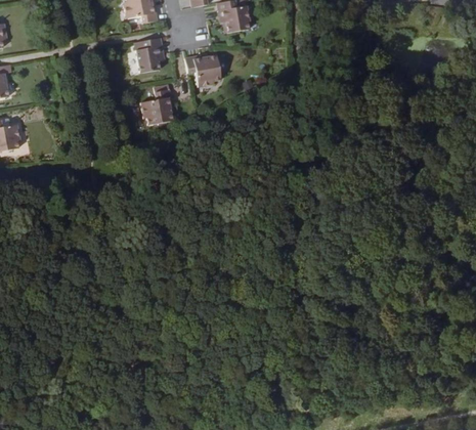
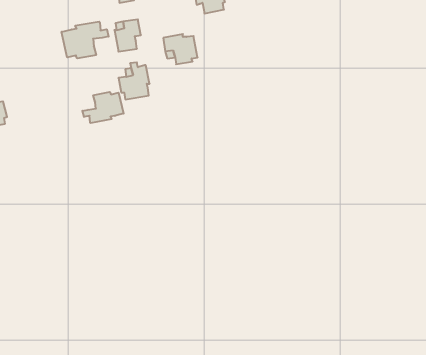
building: none -> [62,22,109,58]
building: none -> [82,92,124,123]

